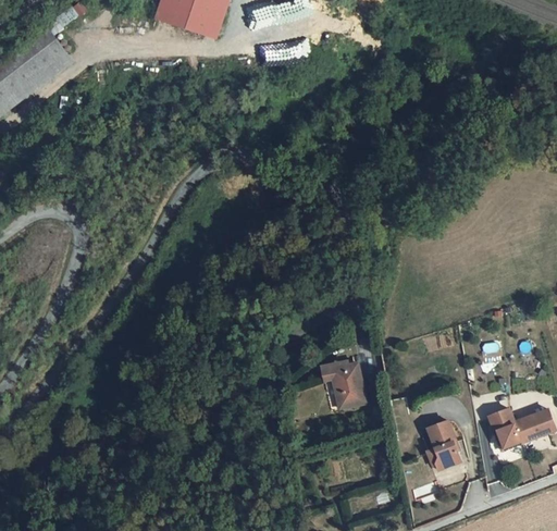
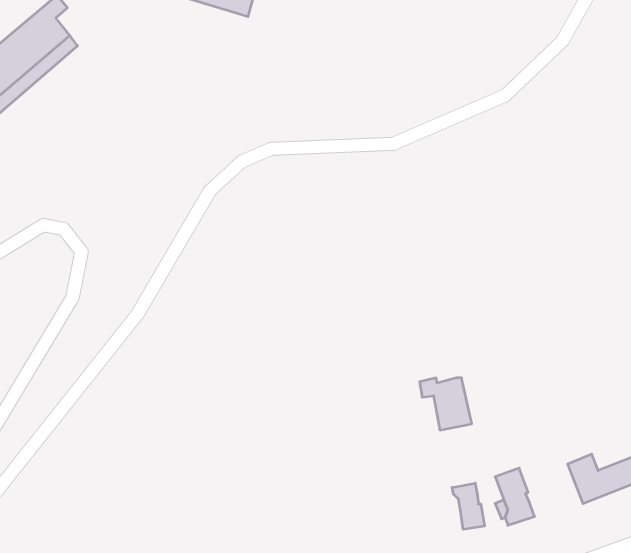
building: [321,363,366,408] -> [420,378,472,430]
building: none -> [452,483,484,529]

